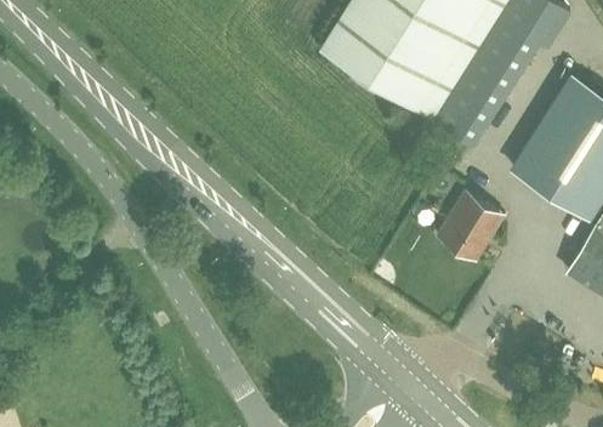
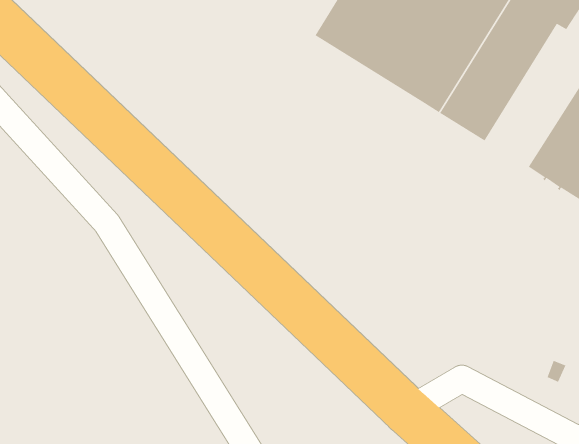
building: [437,192,505,262] -> none

